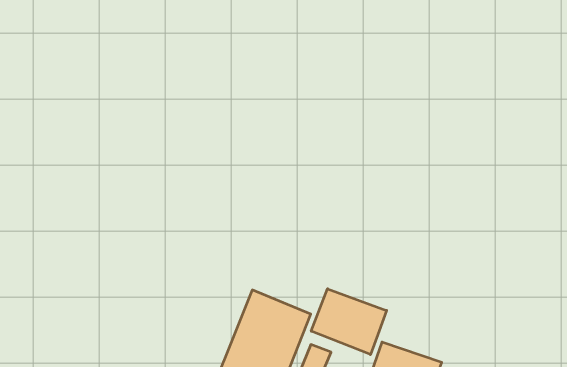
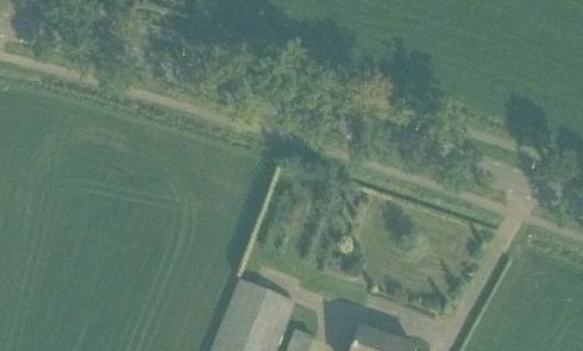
building: [311,289,387,355] -> none

